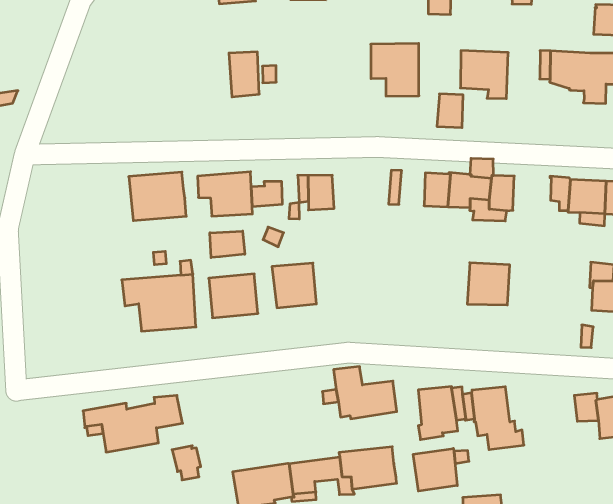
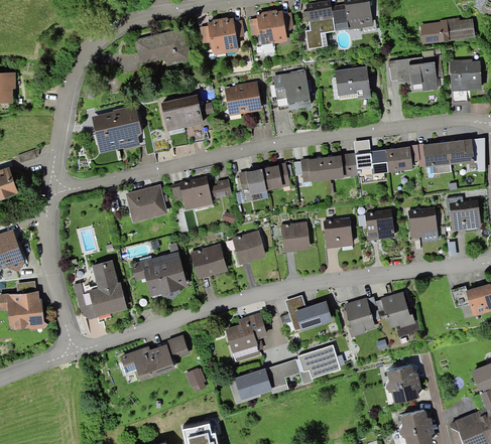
building: none -> [224,81,261,116]
building: none -> [91,105,141,153]
building: none -> [160,99,185,132]
building: [437,94,463,128] -> [308,157,327,181]
building: none -> [261,163,289,191]
building: none -> [384,146,412,172]
building: [210,231,245,258] -> none
building: none -> [280,221,310,253]
building: none -> [323,217,352,249]
building: none -> [73,260,127,319]
building: none -> [407,207,438,243]
building: none -> [225,312,267,362]
building: [413,448,457,491] -> none

